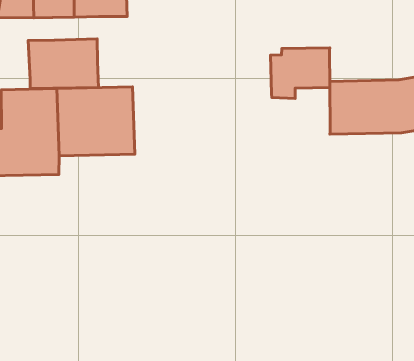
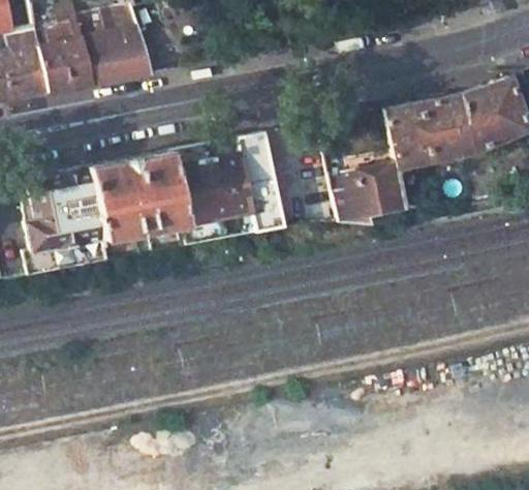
building: [28,39,98,88] -> none
building: [270,48,330,99] -> [331,165,402,231]
building: none -> [169,132,283,245]

